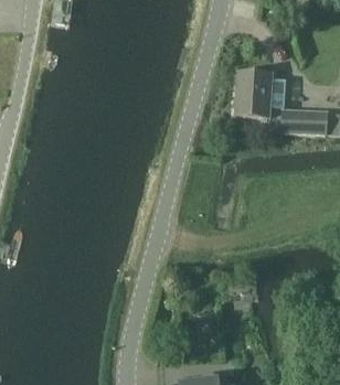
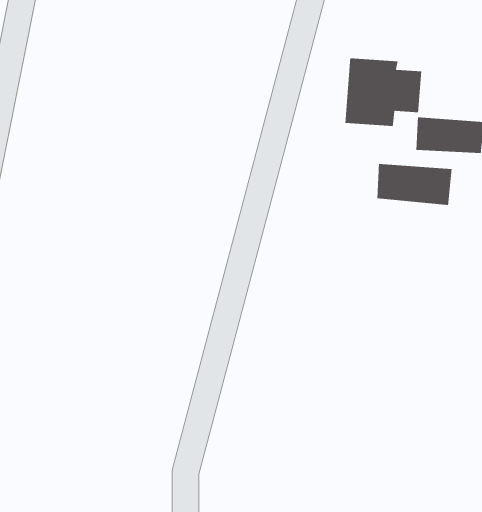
building: none -> [377,163,453,206]

